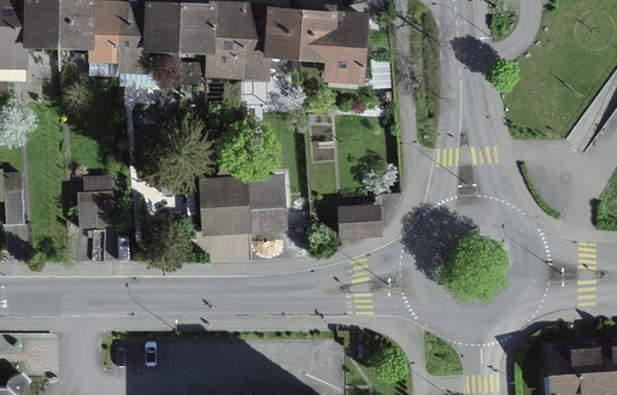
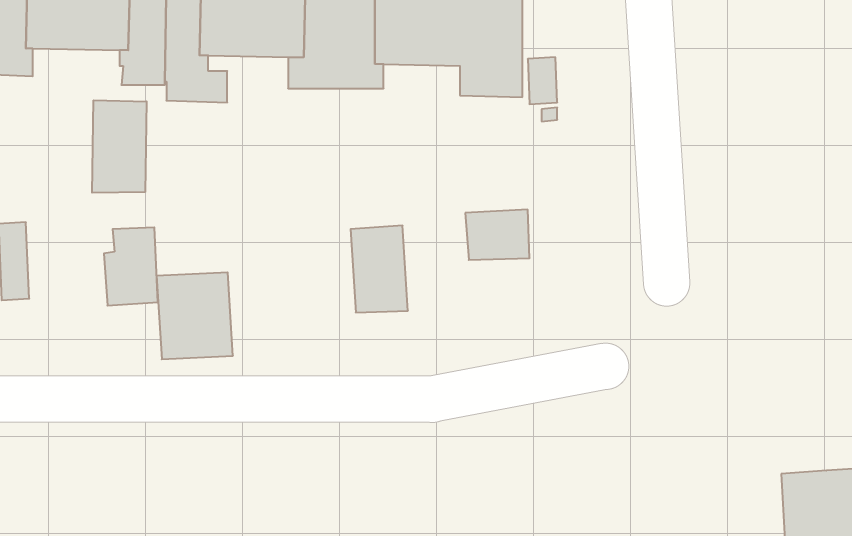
building: none -> [92,100,147,193]
building: [199,176,252,236] -> [157,272,233,359]
building: [337,204,382,238] -> [465,210,530,260]

